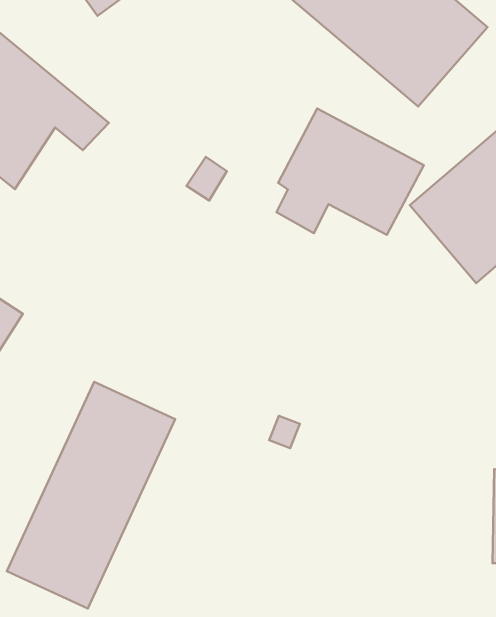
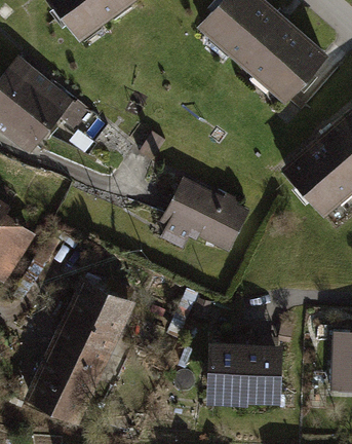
building: [277,108,424,235] -> [157,176,250,256]
building: none -> [210,341,279,402]

